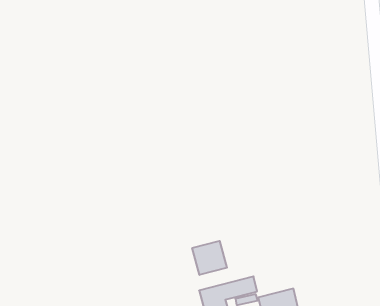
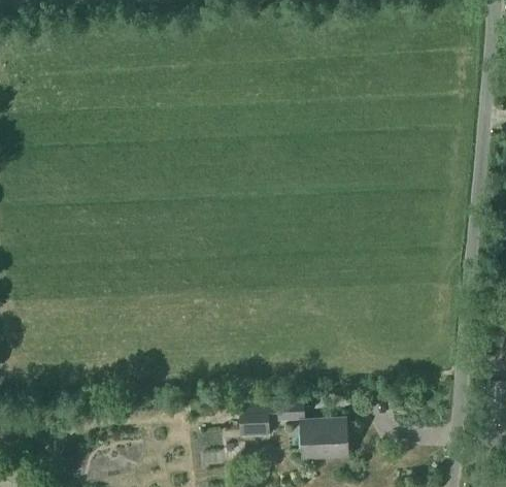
building: [192,241,227,275] -> none

